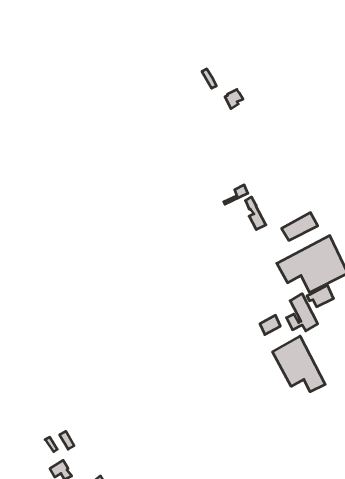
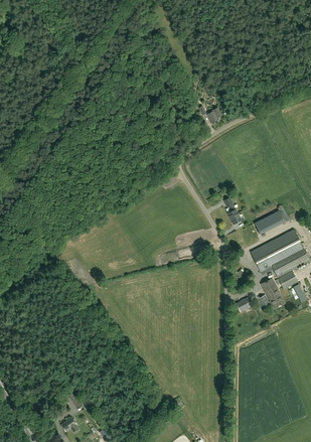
building: [273,336,325,392] -> none

